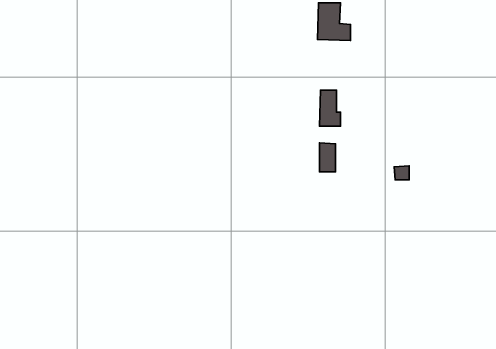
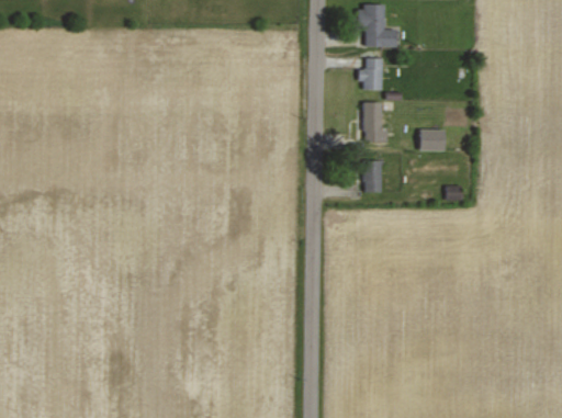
building: none -> [360,58,383,90]
building: none -> [419,129,445,151]

